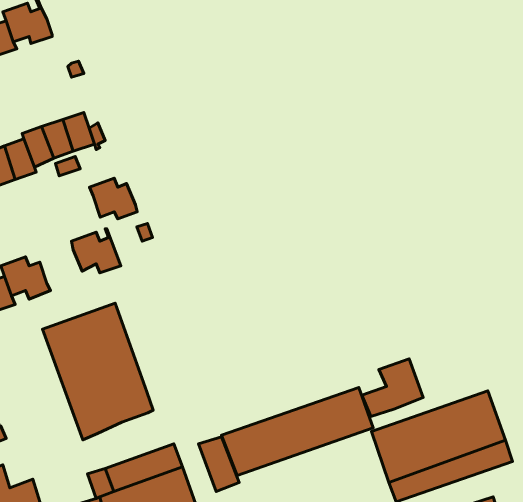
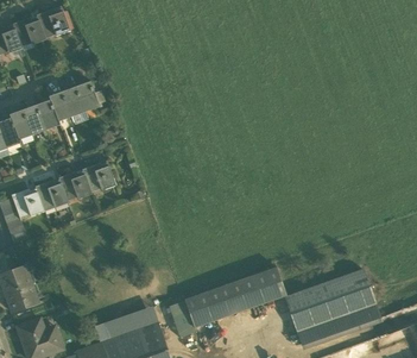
building: [90,178,137,219] -> [59,170,91,197]
building: [43,303,153,440] -> none
building: [362,359,423,416] -> none

